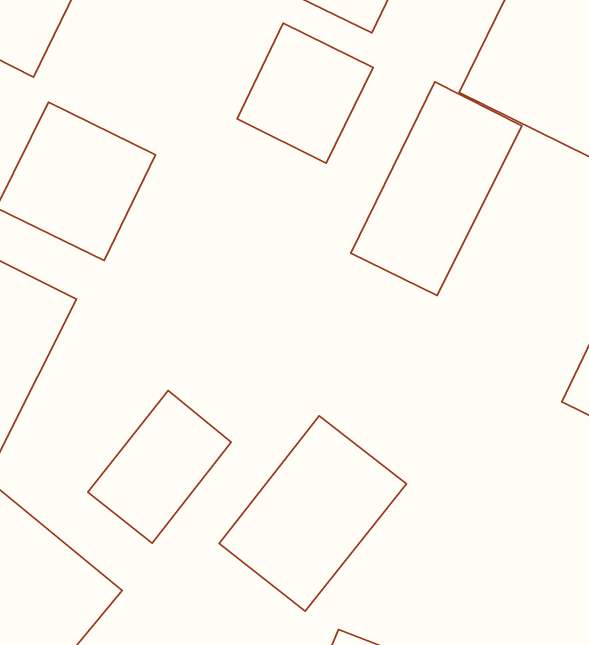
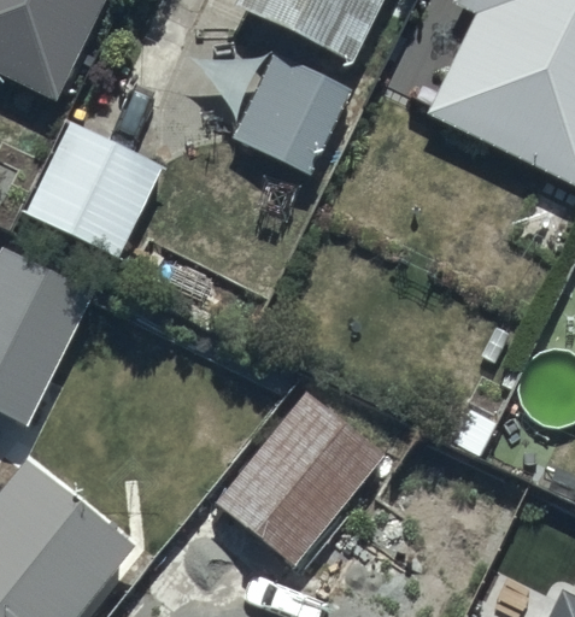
building: [351,82,522,296] -> none
building: [88,390,231,543] -> none

